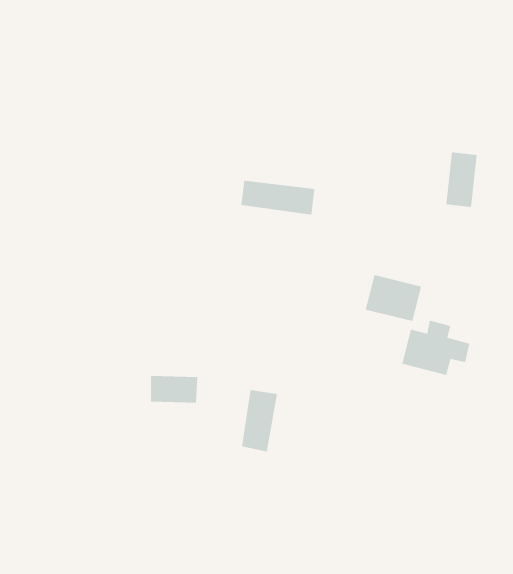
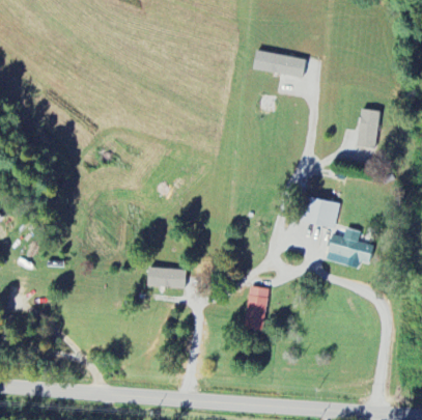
building: [241,180,315,215] -> [253,52,306,77]
building: [241,389,278,452] -> [244,286,270,331]

